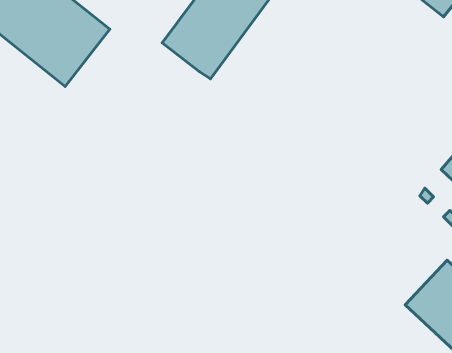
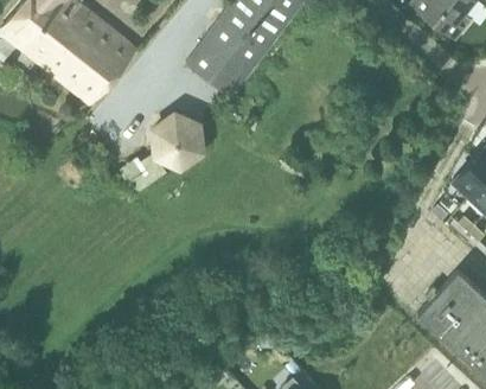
building: none -> [148,111,205,173]

